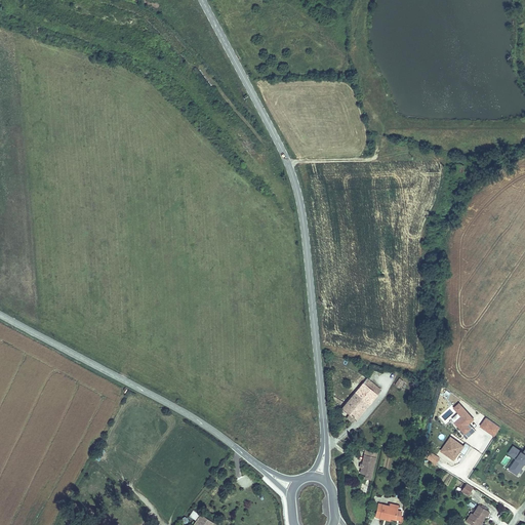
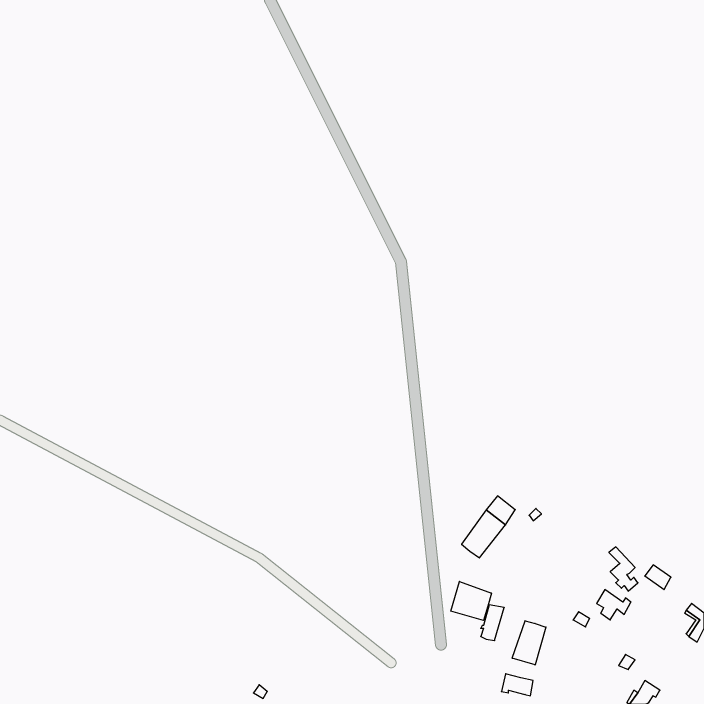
building: none -> [451,581,491,620]
building: none -> [512,621,546,665]

